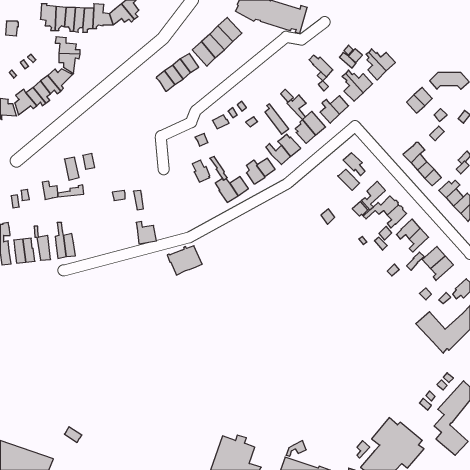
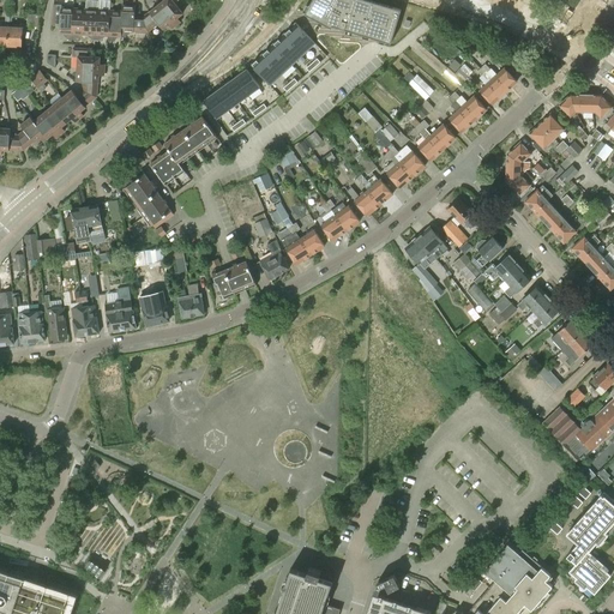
building: none -> [150,116,217,185]
building: none -> [506,143,531,194]
building: none -> [122,170,174,228]
building: none -> [66,207,91,243]
building: none -> [405,227,447,269]
building: none -> [259,240,289,279]
building: none -> [95,270,136,332]
building: none -> [139,291,169,326]
building: [167,246,202,275] -> [211,261,257,300]

